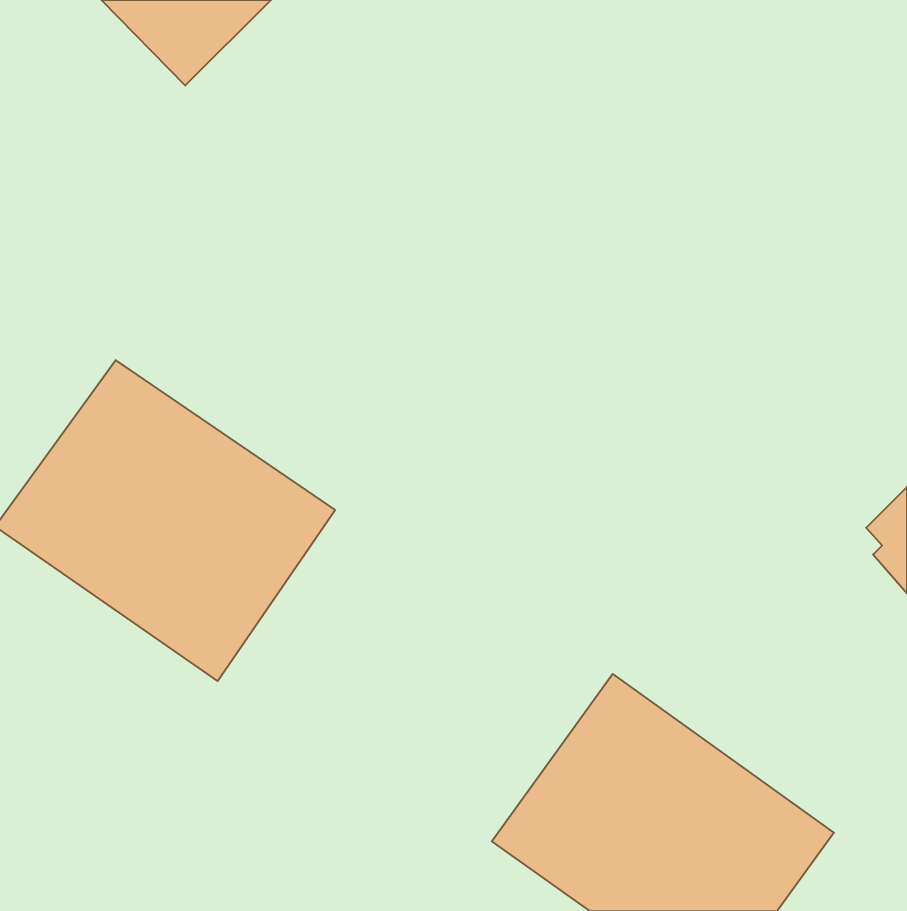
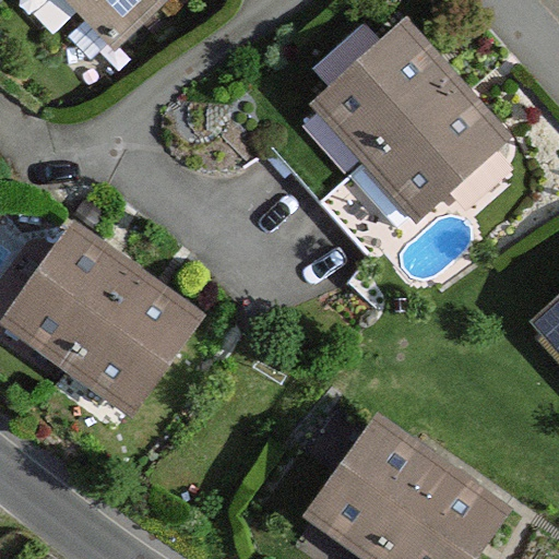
building: none -> [308,16,512,223]

